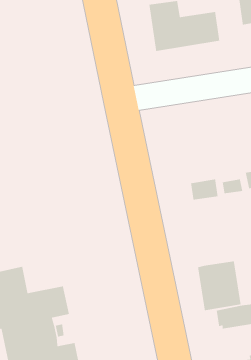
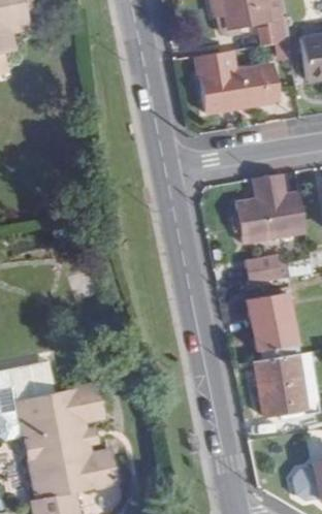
building: none -> [235,172,307,242]
building: none -> [247,292,298,359]

